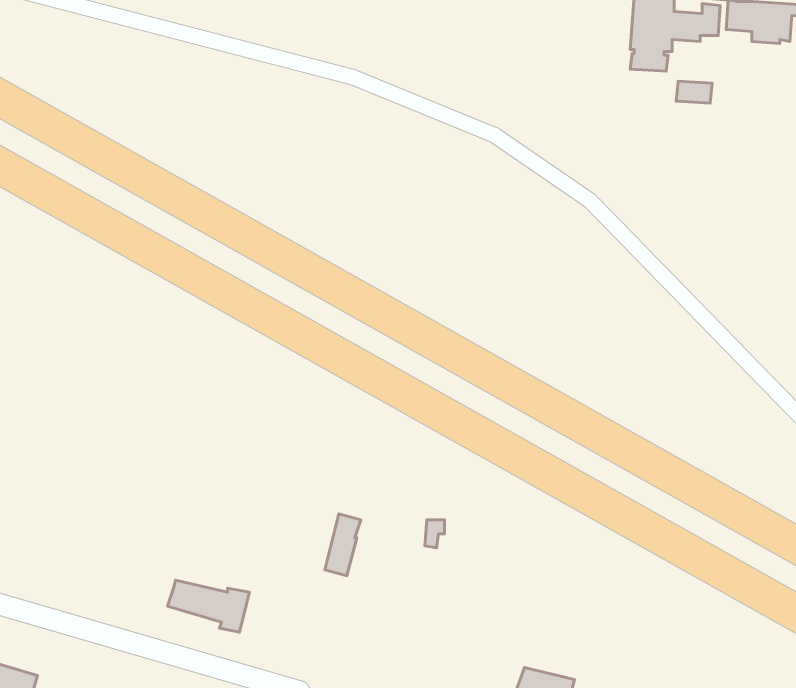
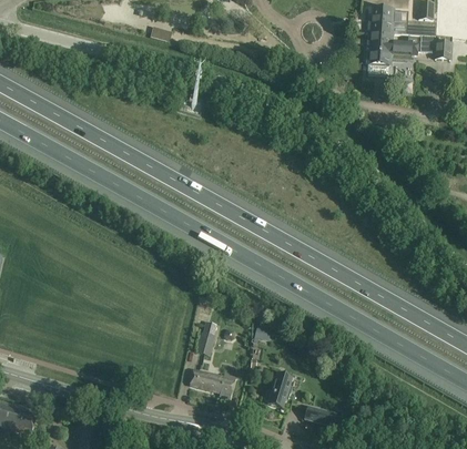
building: [168,580,249,632] -> [190,370,235,399]
building: none -> [264,374,292,408]

